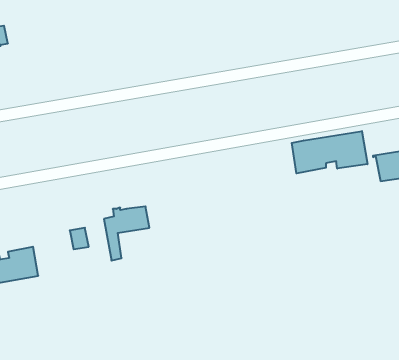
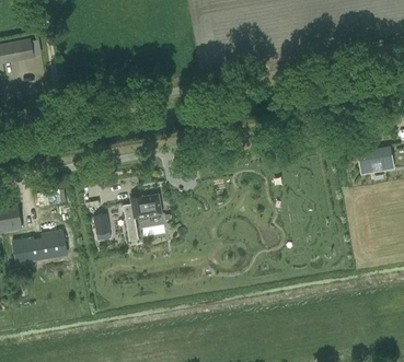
building: [292,131,367,173] -> none

